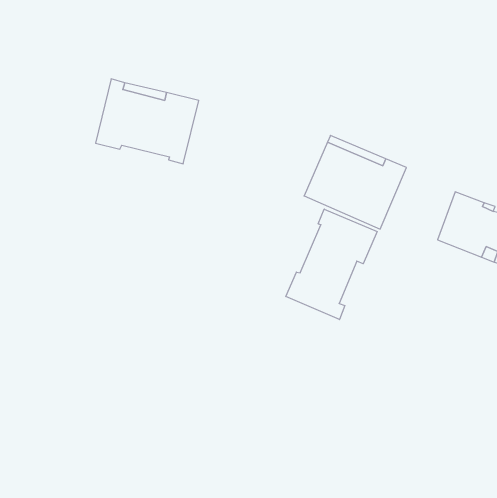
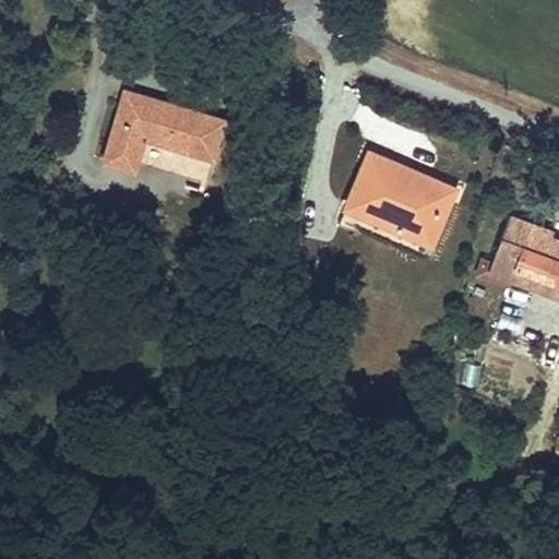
building: [286,209,377,320] -> none

